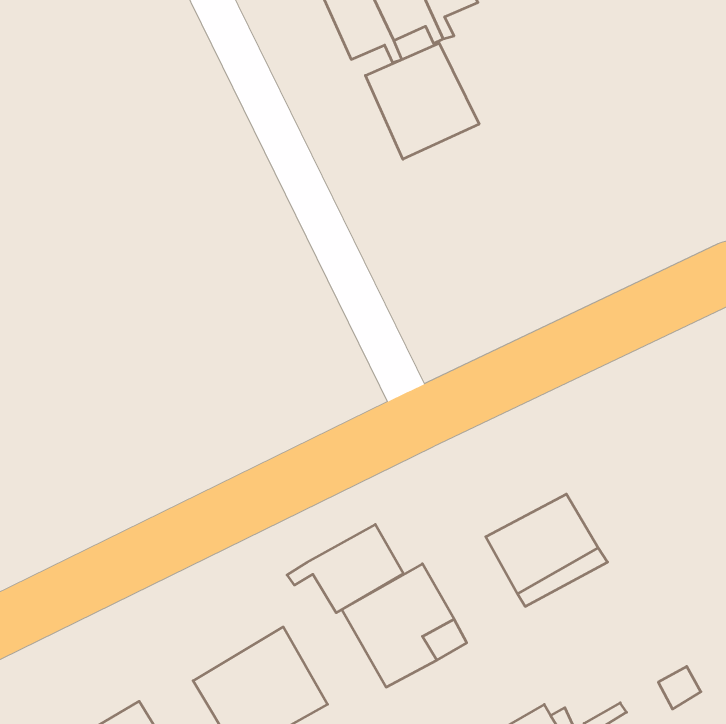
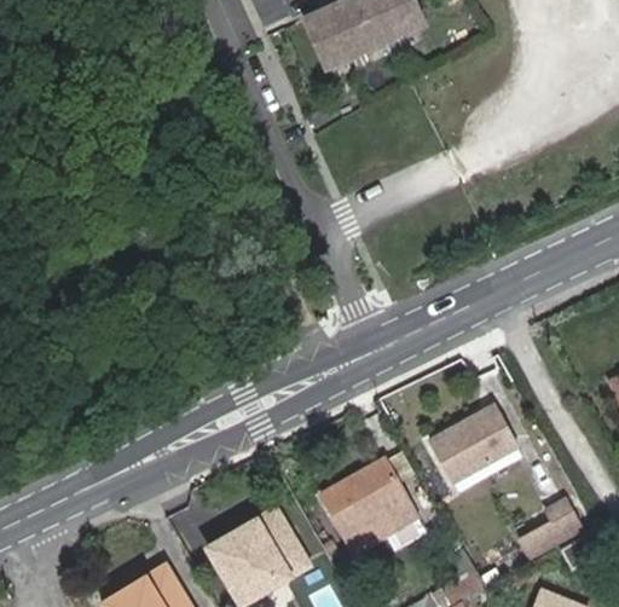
building: [365,43,479,159] -> none
building: [287,524,403,613] -> none
building: none -> [519,496,583,560]

